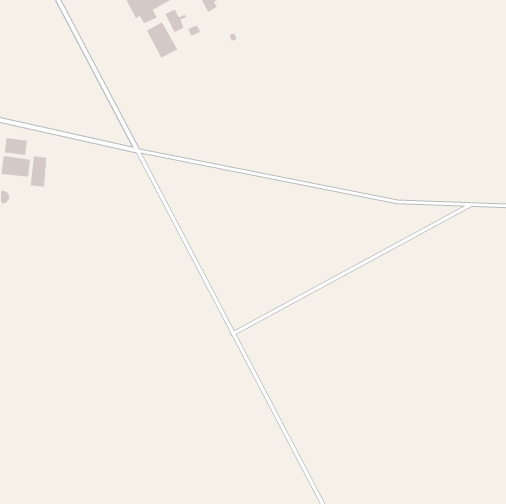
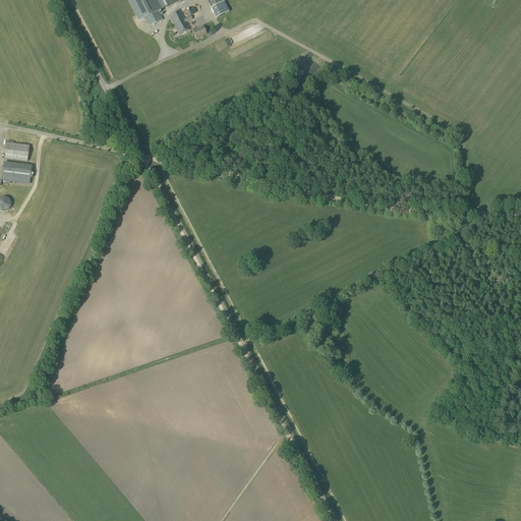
building: [146,22,178,59] -> none
building: [30,156,47,187] -> none

